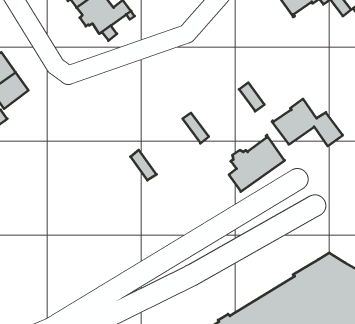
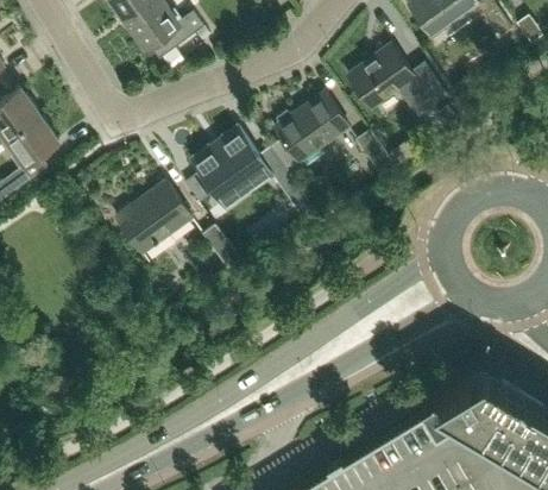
building: none -> [193,128,265,196]
building: [272,99,343,146] -> [348,44,448,111]
building: none -> [116,182,193,255]
building: [229,135,285,192] -> [272,92,351,171]

